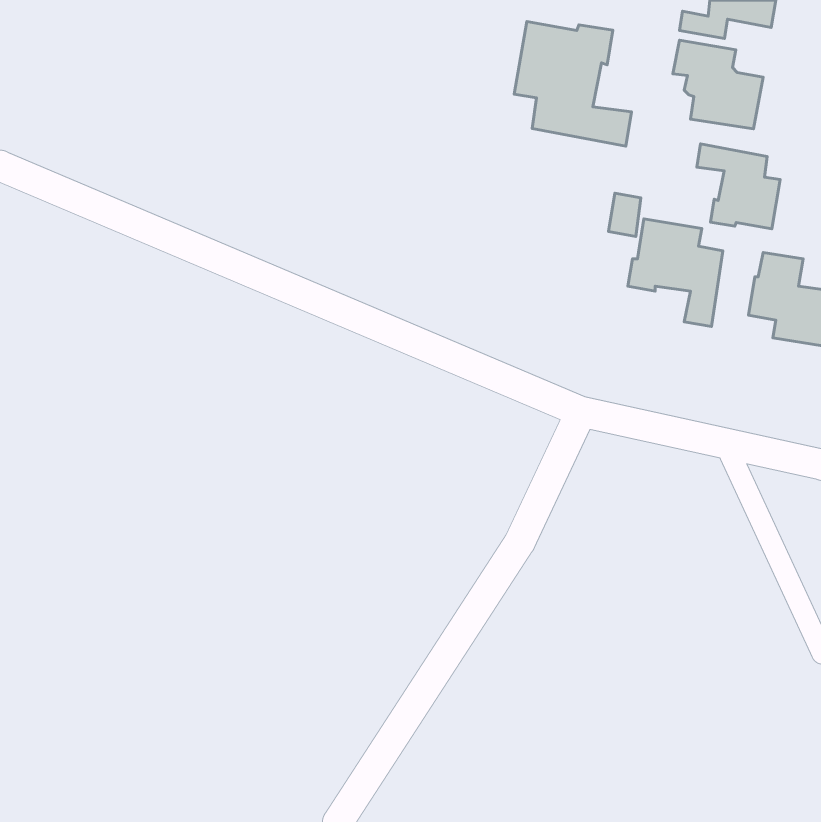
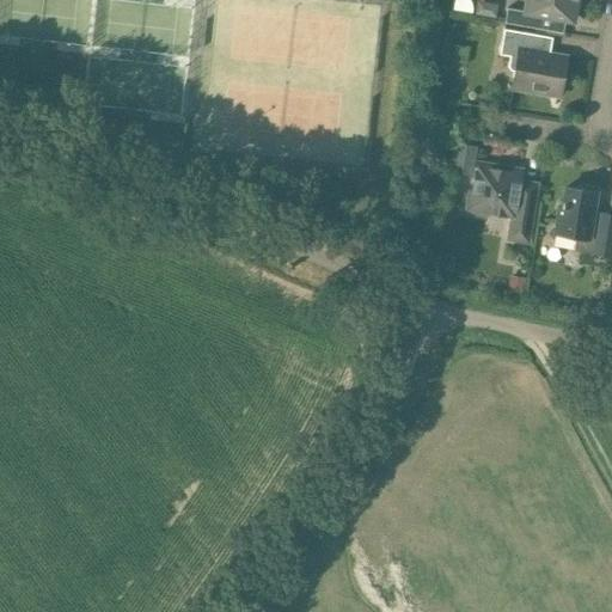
building: [514,22,631,146] -> none
building: [697,144,780,229] -> none

